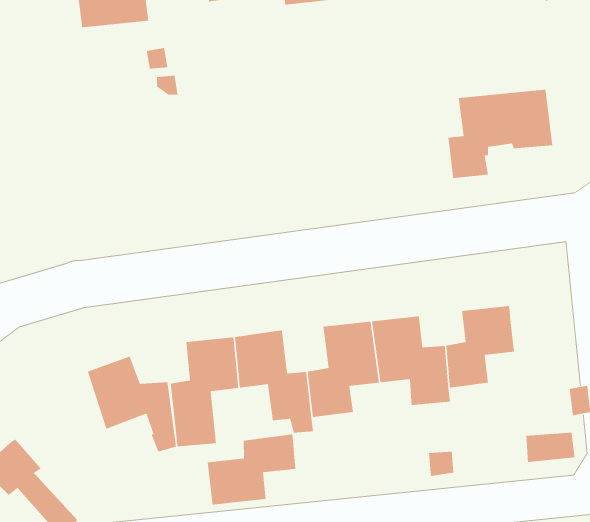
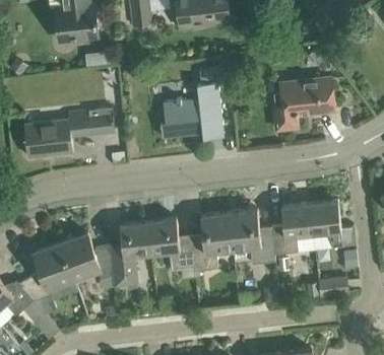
building: none -> [161,82,223,138]
building: none -> [24,108,114,158]
building: none -> [310,201,343,248]
building: none -> [20,242,73,299]
building: [207,433,296,506] -> none

